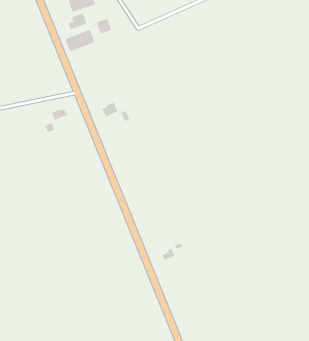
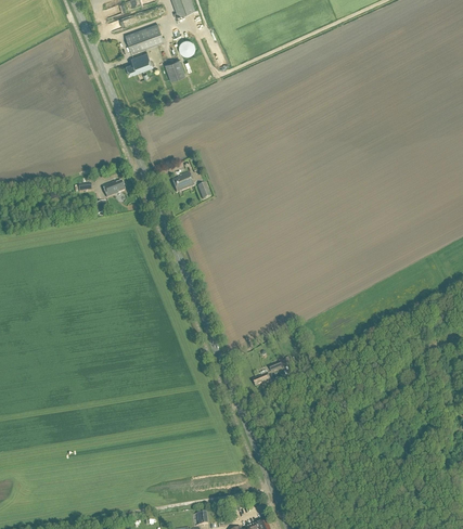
building: [65,29,95,52] -> none

